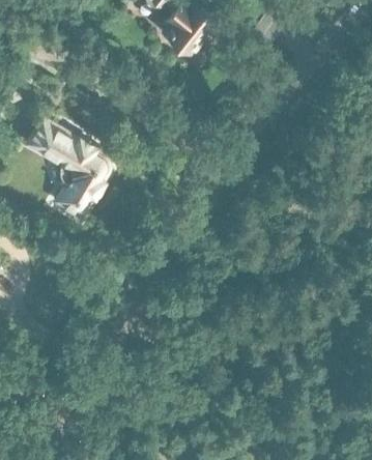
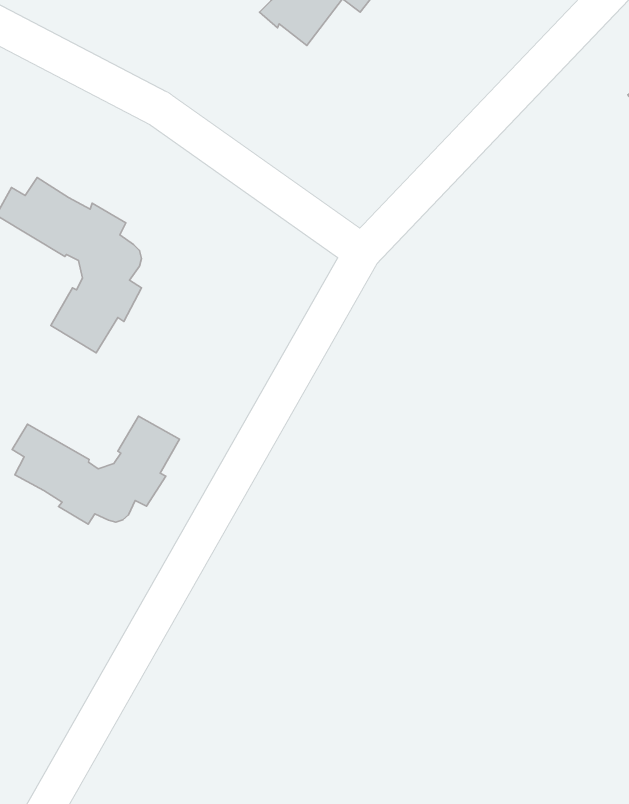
building: none -> [12,416,179,524]

